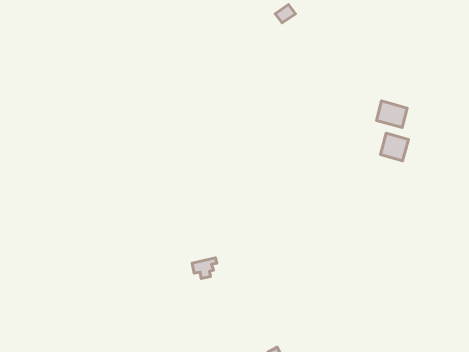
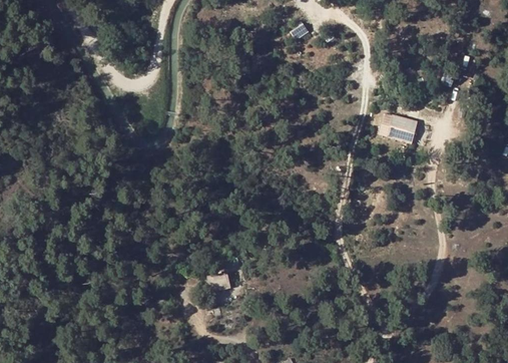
building: [380,133,408,161] -> none

